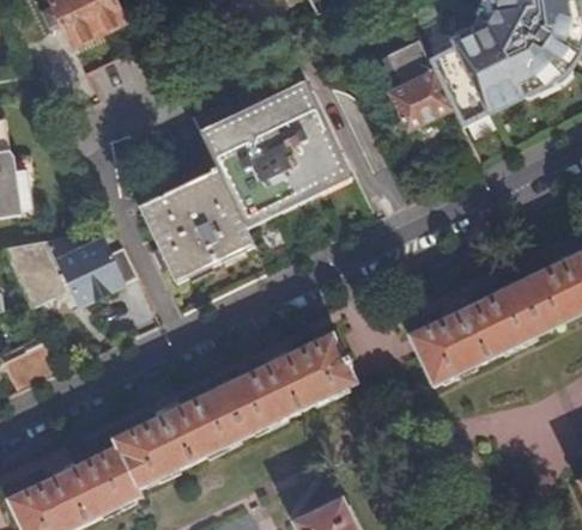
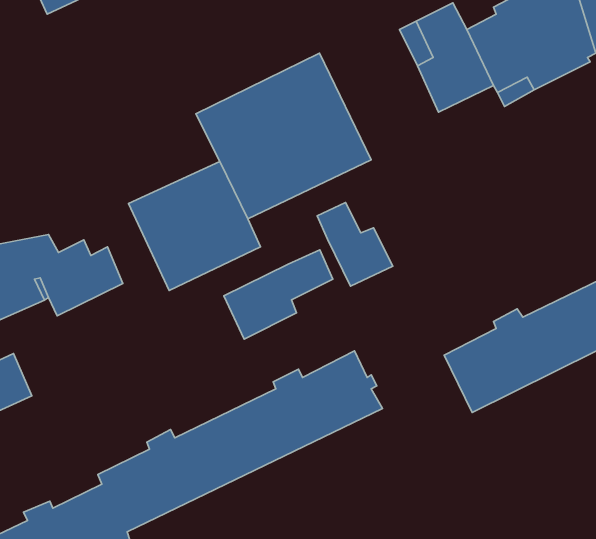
building: none -> [317,203,393,286]
building: none -> [224,250,333,339]

